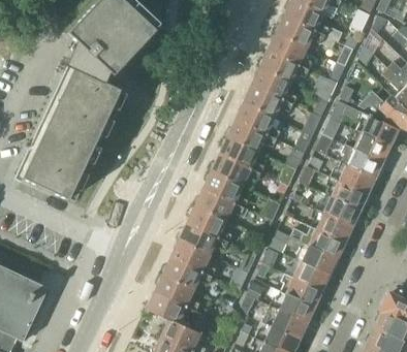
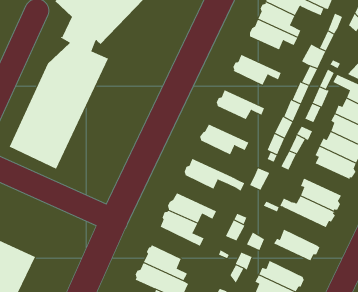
building: [252,67,296,103] -> none
building: [236,101,280,138] -> none
building: [220,136,263,172] -> none
building: [203,170,248,206] -> none
building: [314,193,362,225] -> none
building: [188,204,231,241] -> none
building: [289,236,337,275] -> none
building: [163,256,212,288] -> none
building: [280,273,321,307] -> none

